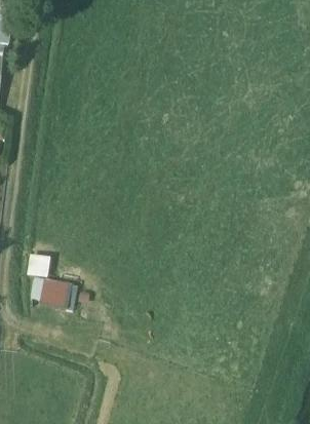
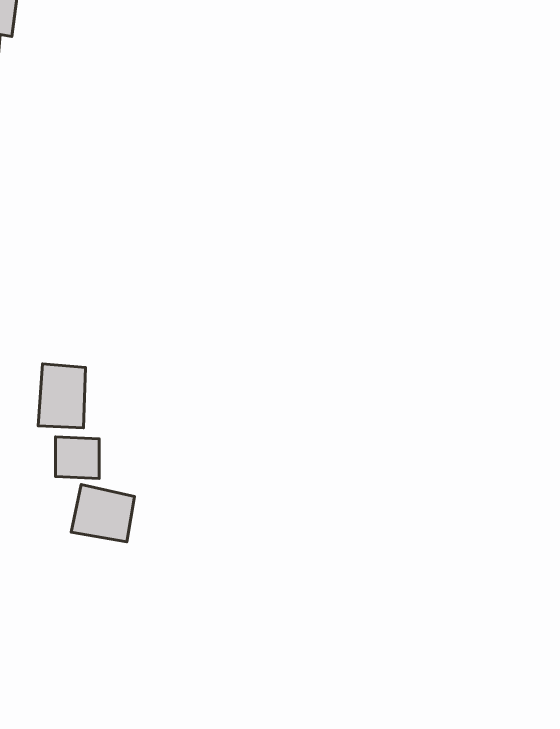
building: none -> [38,364,86,428]

